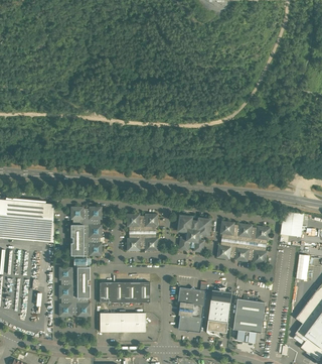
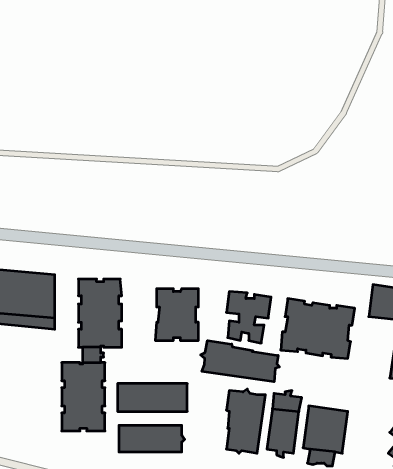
building: none -> [201,341,279,382]

